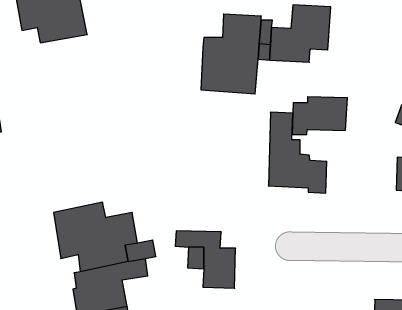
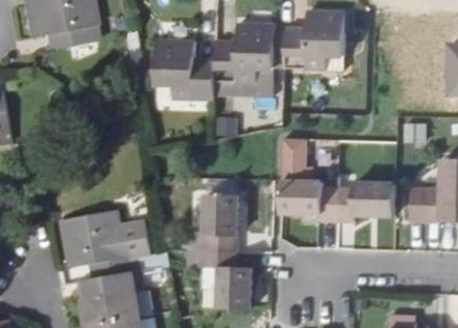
building: none -> [156,42,216,103]
building: [292,97,347,135] -> [340,170,396,208]
building: none -> [189,189,237,247]

